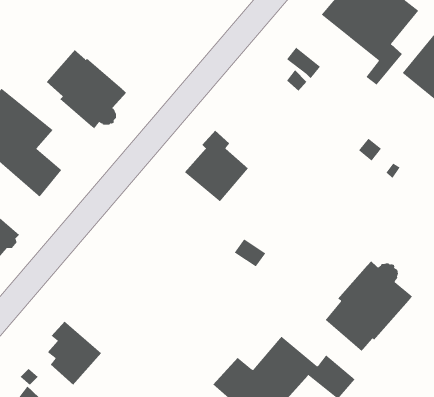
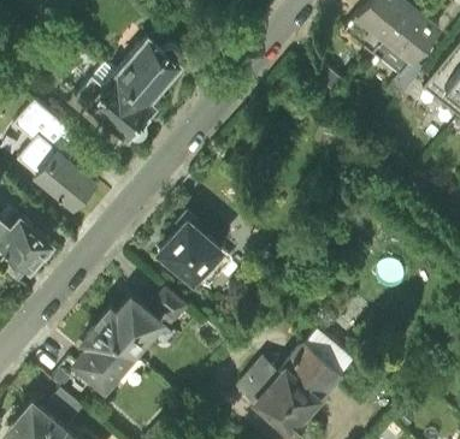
building: none -> [118,35,183,102]
building: [184,130,249,202] -> [159,209,222,279]
building: [325,261,413,352] -> none
building: none -> [96,287,187,357]

